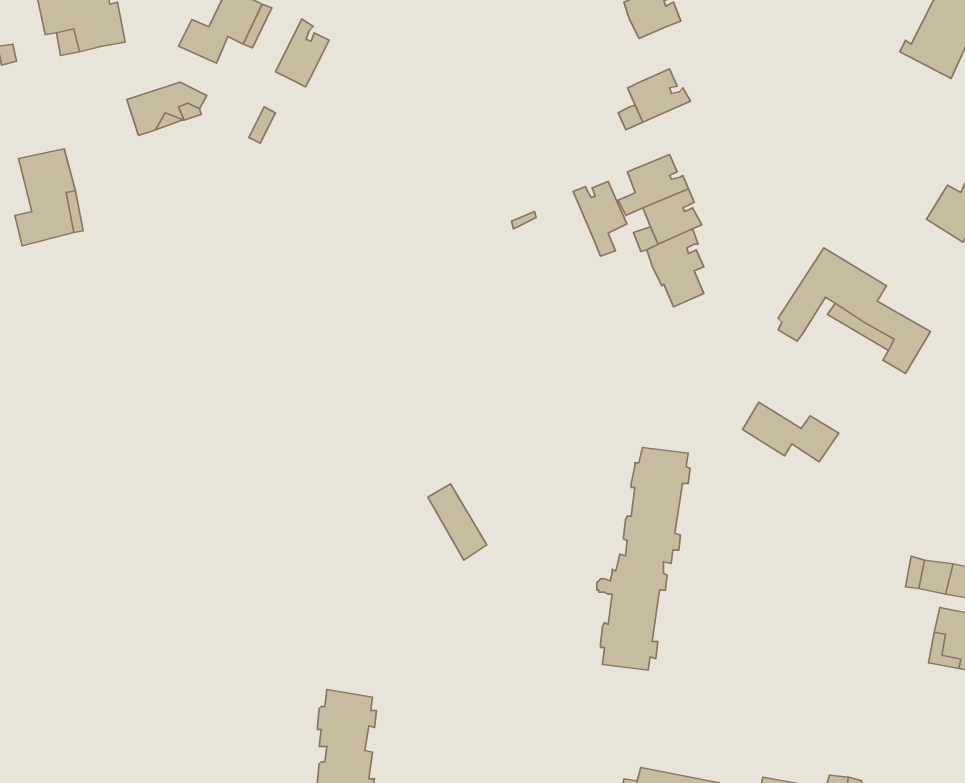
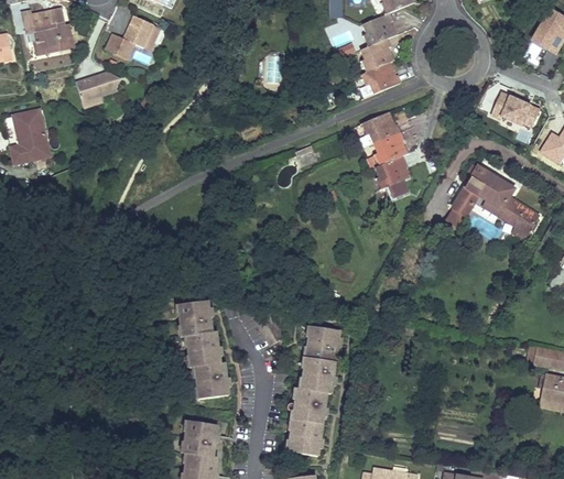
building: [276,19,329,87] -> none
building: none -> [360,37,393,70]
building: none -> [489,87,540,127]
building: [573,181,627,256] -> none
building: [742,402,839,462] -> none
building: [597,447,690,670] -> [288,327,341,456]
building: none -> [180,301,230,399]

